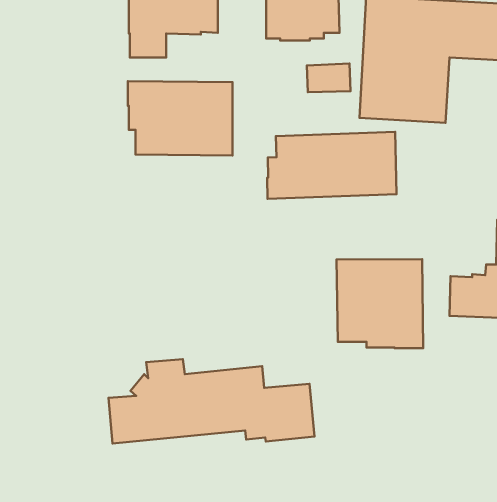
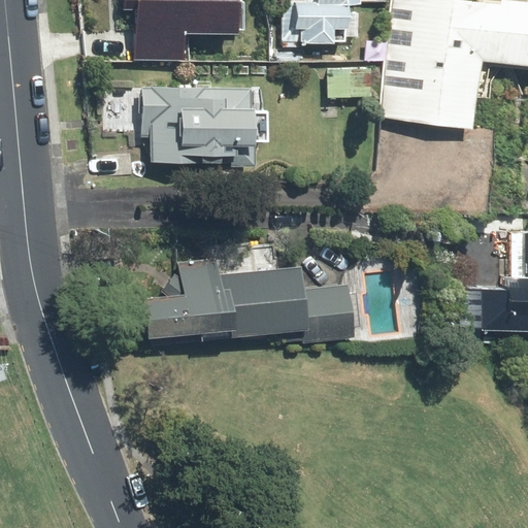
building: [267,132,397,199] -> none
building: [337,259,423,348] -> none
building: [109,359,315,443] -> [141,257,356,344]

